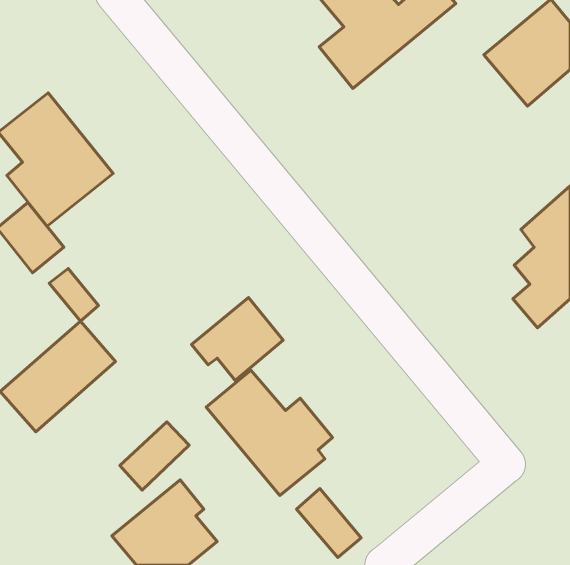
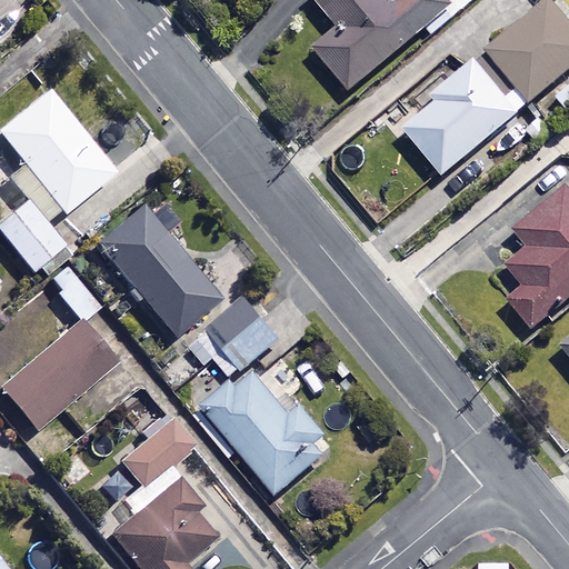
building: none -> [407,54,523,172]
building: none -> [97,201,222,337]
building: [296,489,361,557] -> none

